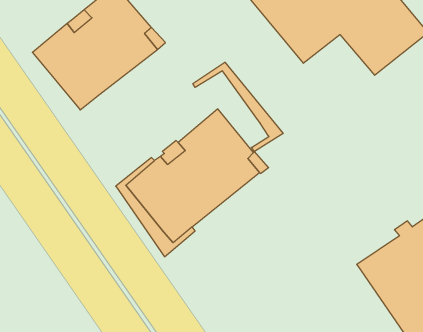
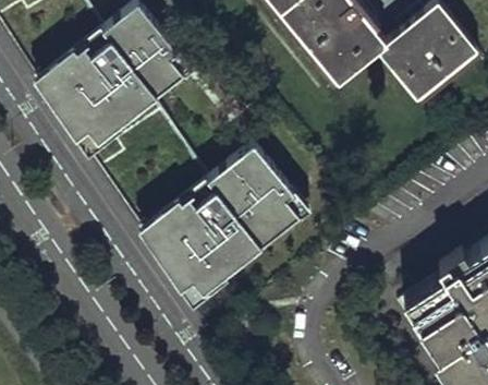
building: none -> [36,46,122,155]
building: [193,62,283,152] -> none

